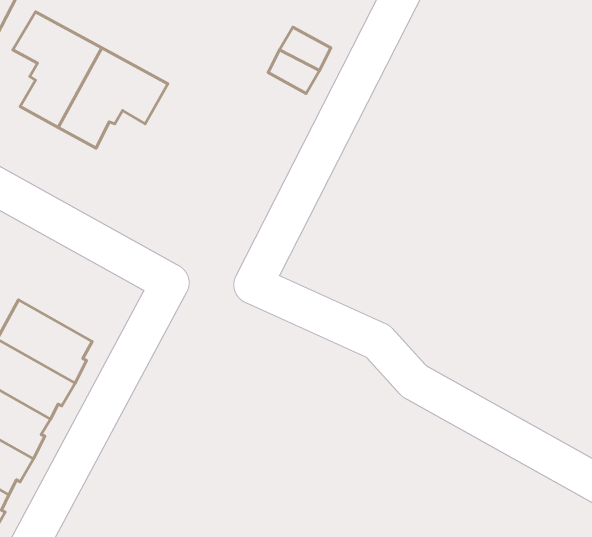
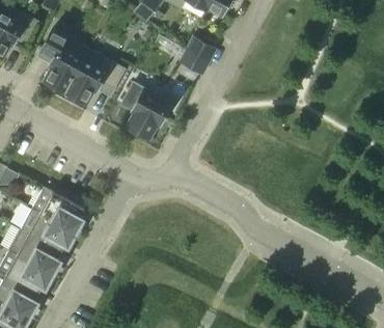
building: none -> [118,81,171,138]

